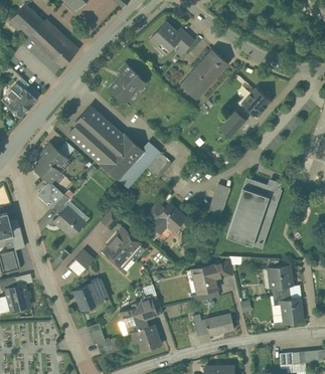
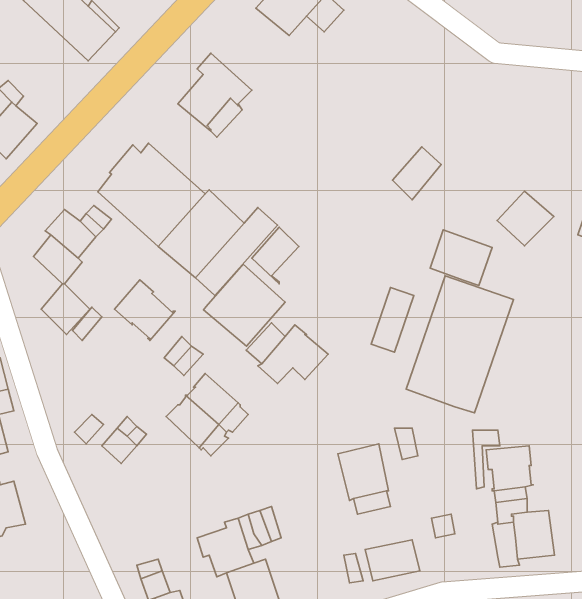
building: [180,49,228,99] -> none
building: [241,88,271,117] -> [497,191,554,246]
building: none -> [430,230,492,286]
building: none -> [204,264,285,346]
building: [53,206,85,237] -> [115,280,175,341]
building: [73,279,108,310] -> none

